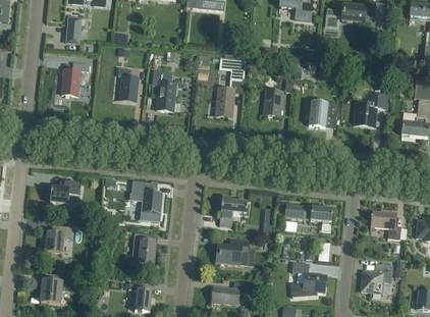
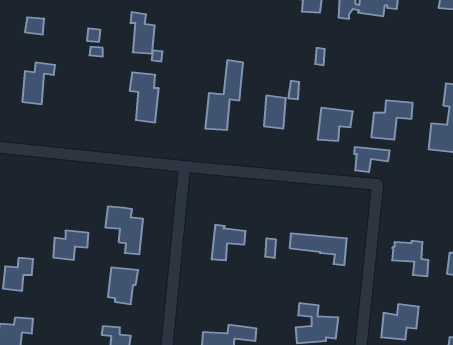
building: [117,66,138,101] -> [130,12,155,54]
building: none -> [354,147,389,172]
building: [50,179,79,204] -> [53,231,89,260]
building: [215,239,249,265] -> none

